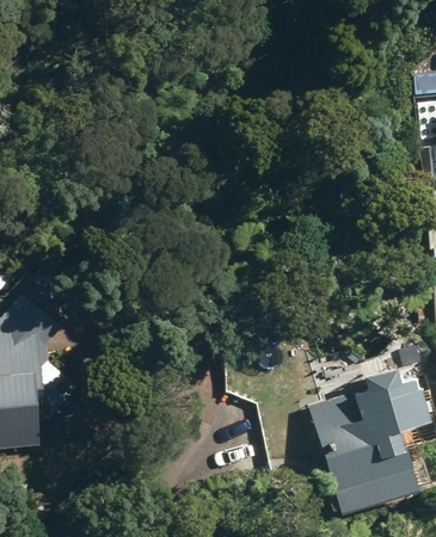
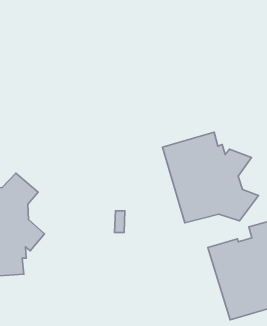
building: none -> [163,132,259,223]

